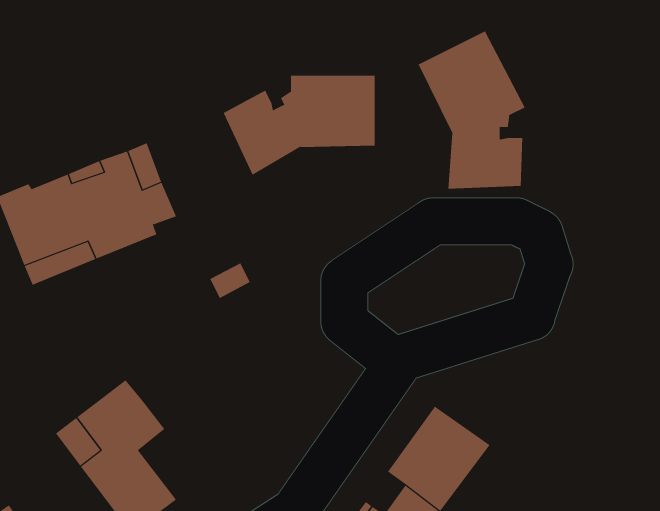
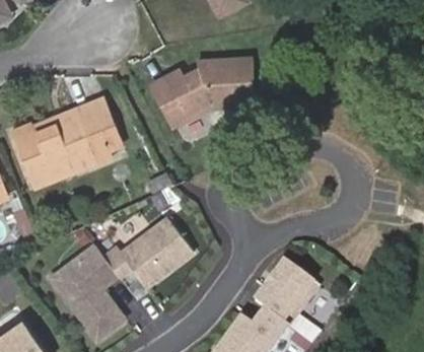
building: [418,31,525,189] -> none
building: none -> [103,217,193,287]

